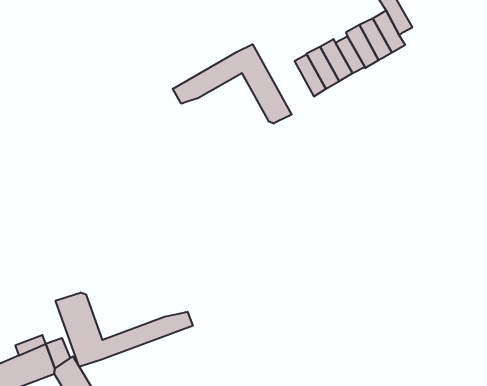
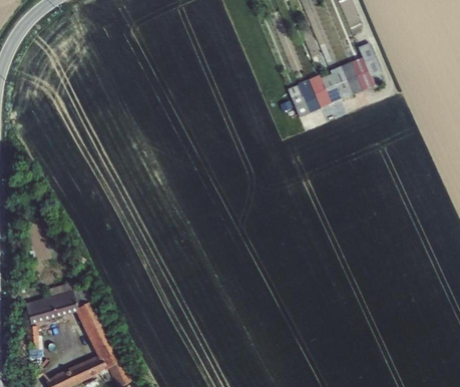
building: [173,44,292,124] -> none
building: [56,292,193,367] -> none

